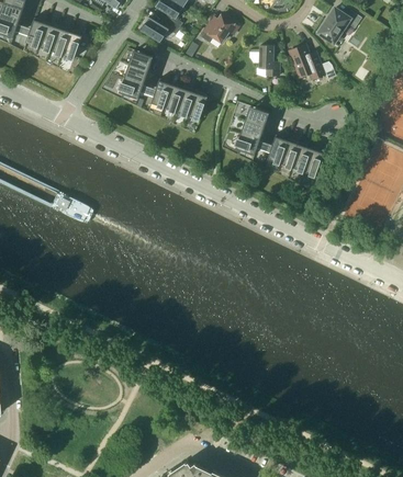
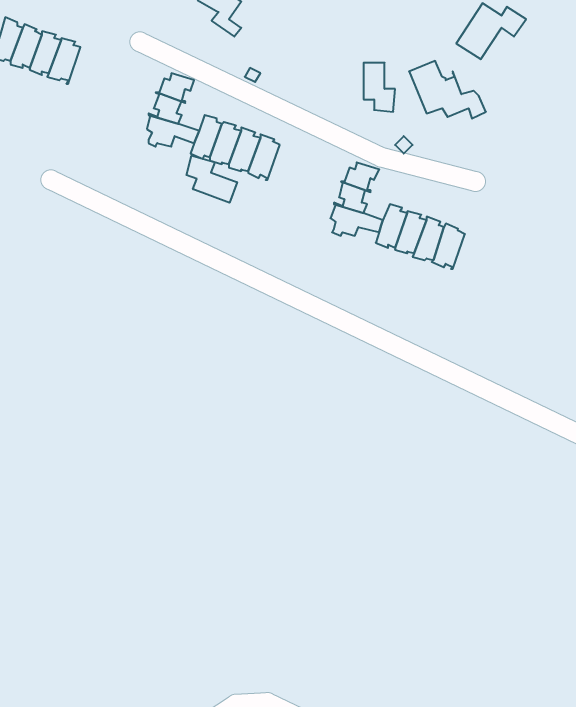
building: [198,15,237,44] -> none
building: [138,16,177,42] -> none
building: none -> [186,156,237,203]

